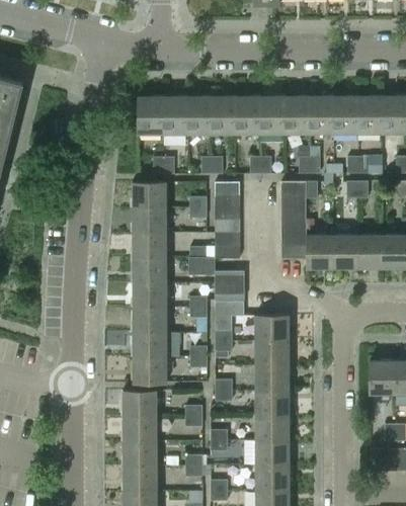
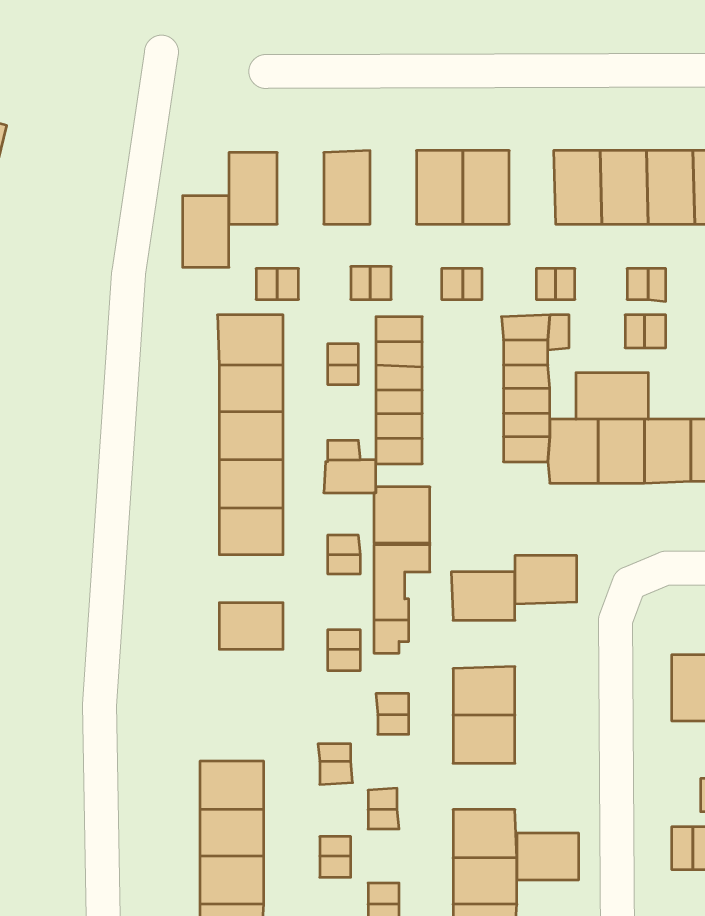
building: [212,95,236,134] -> none
building: [285,95,309,134] -> none
building: [163,96,187,134] -> [183,196,229,267]
building: none -> [576,373,648,419]
building: [133,307,166,332] -> none
building: [255,341,288,366] -> [515,556,577,604]
building: [133,356,166,383] -> none
building: [123,390,156,415] -> none
building: [255,416,288,440] -> [517,833,579,880]

